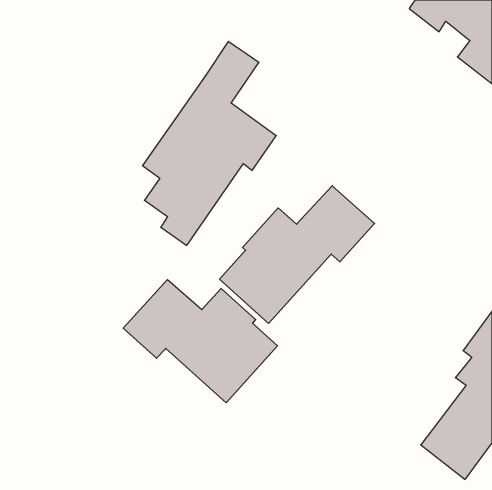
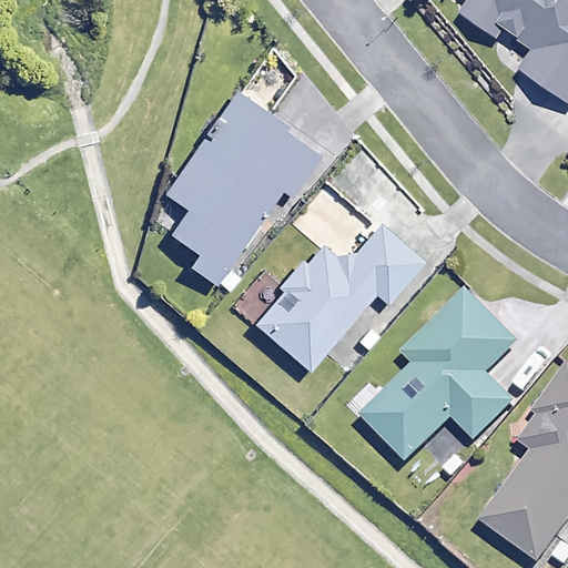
building: none -> [363,290,515,458]
building: [123,280,278,403] -> none

